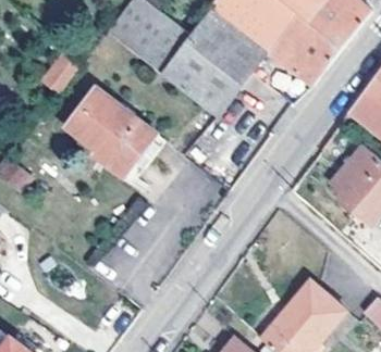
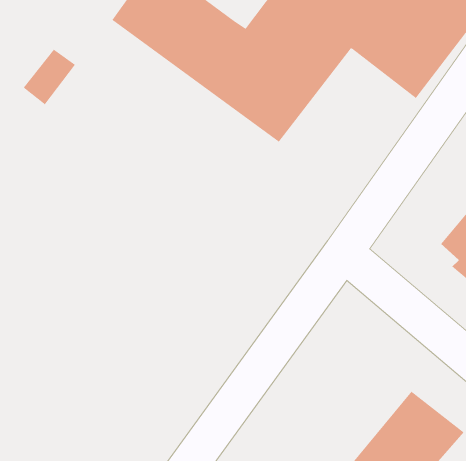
building: [67,87,157,168] -> none

